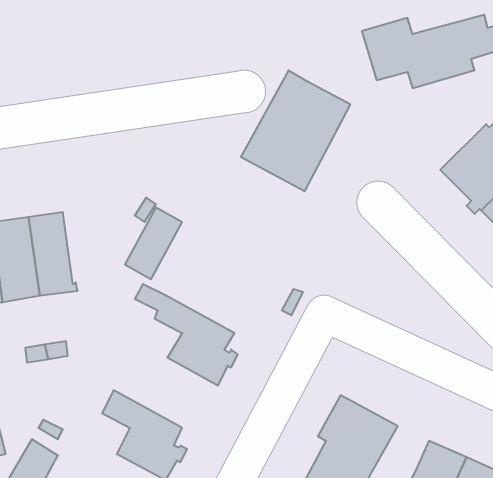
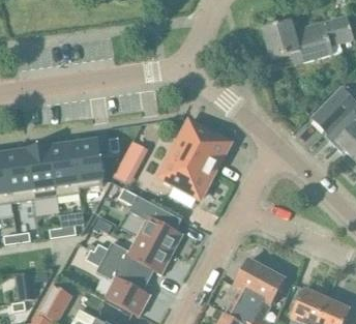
building: [241,70,350,191] -> [159,120,229,197]
building: none -> [72,138,105,187]
building: none -> [94,234,171,278]

